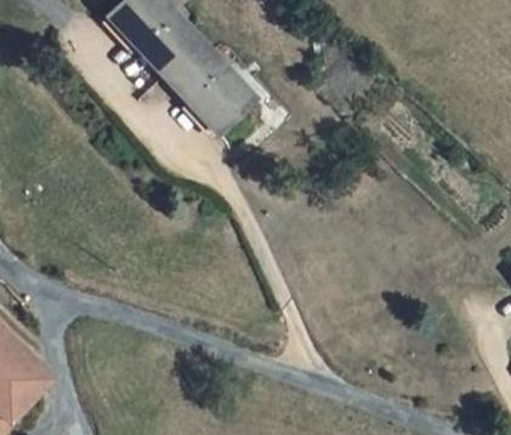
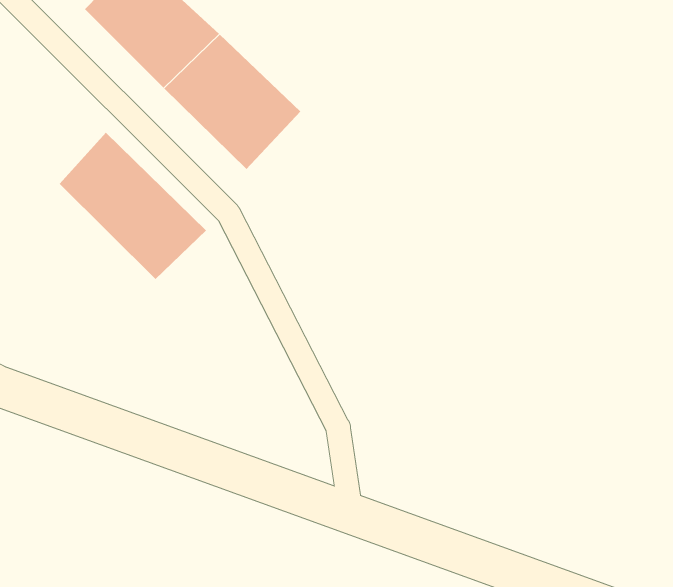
building: none -> [59,132,207,280]

